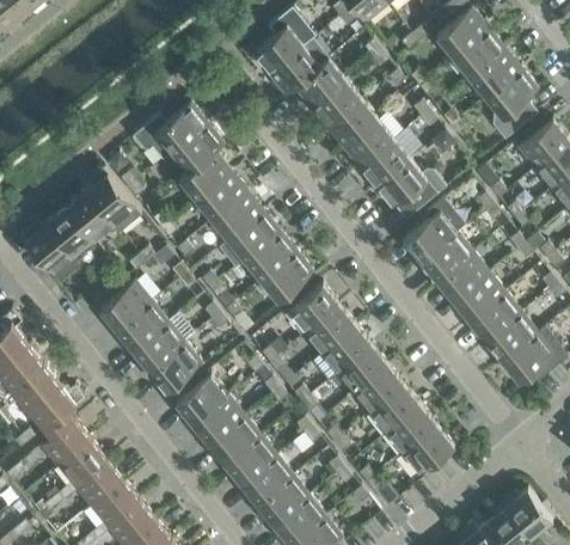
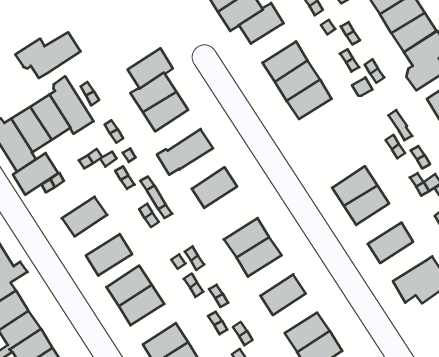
building: [309,80,361,128] -> none
building: [133,104,207,160] -> [15,32,81,78]
building: [374,160,446,220] -> none
building: [212,191,263,240] -> none
building: [404,198,465,262] -> none
building: [244,232,295,281] -> none
building: [453,272,504,322] -> none
building: [99,281,151,331] -> [13,153,58,195]
building: [287,284,339,335] -> none
building: [485,313,537,361] -> none
building: [133,322,184,371] -> none
building: [336,345,387,394] -> none
building: [369,386,419,434] -> none
building: [208,416,259,465] -> none

